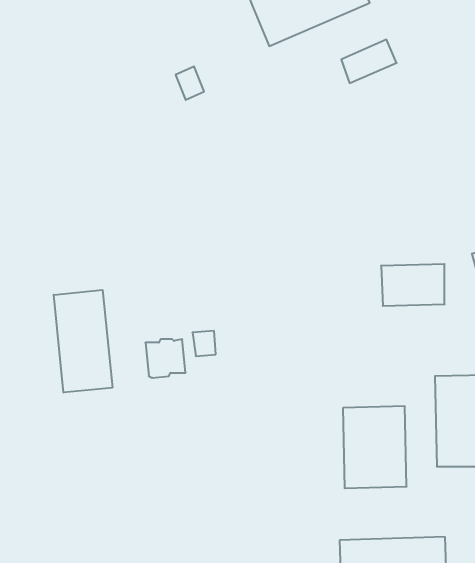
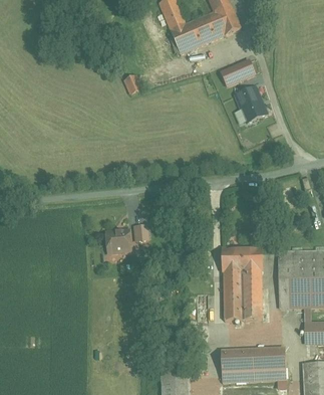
building: none -> [233,85,270,126]
building: [381,264,445,306] -> [223,246,261,271]
building: [54,290,112,393] -> none

